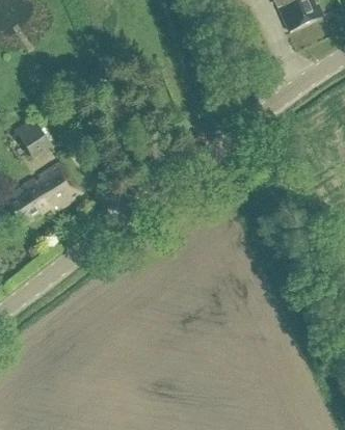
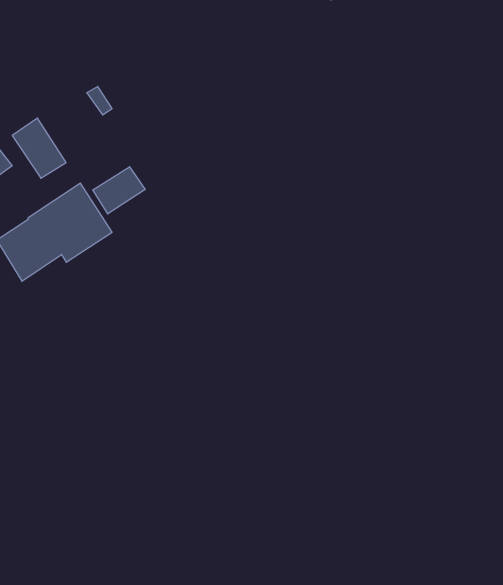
building: none -> [93,167,145,214]

